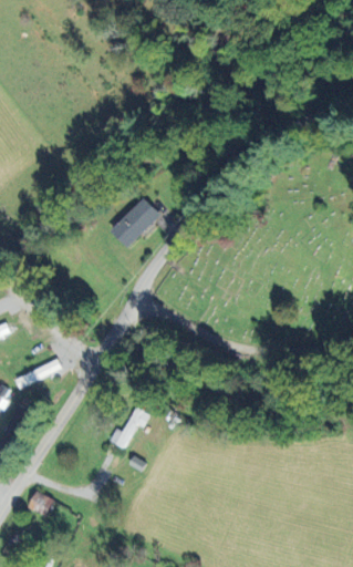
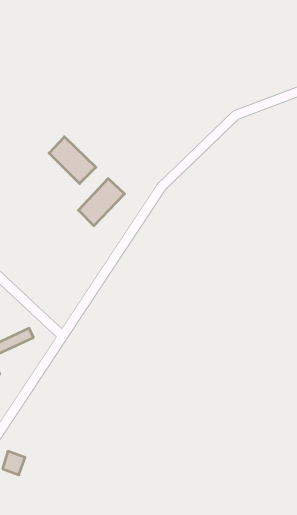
building: none -> [49,137,96,184]
building: [110,408,149,447] -> none

